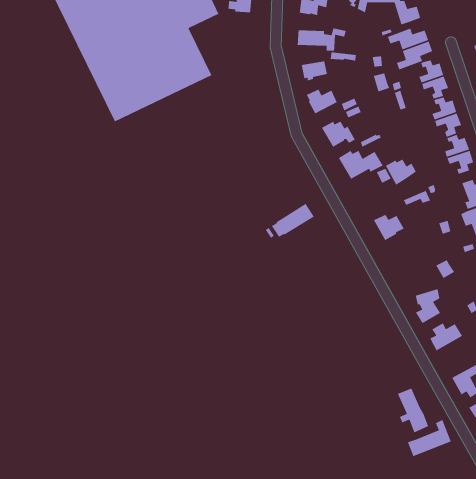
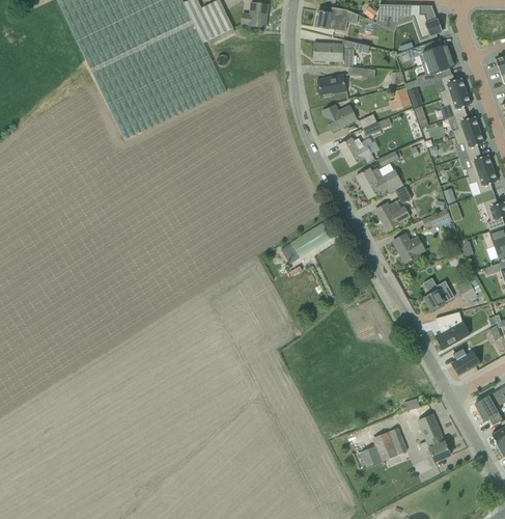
building: [385,159,417,186] -> [376,201,410,229]
building: none -> [425,280,455,309]
building: [407,419,452,457] -> [361,427,408,466]

